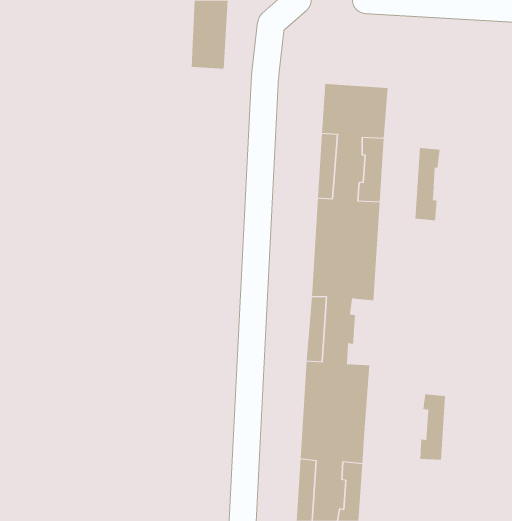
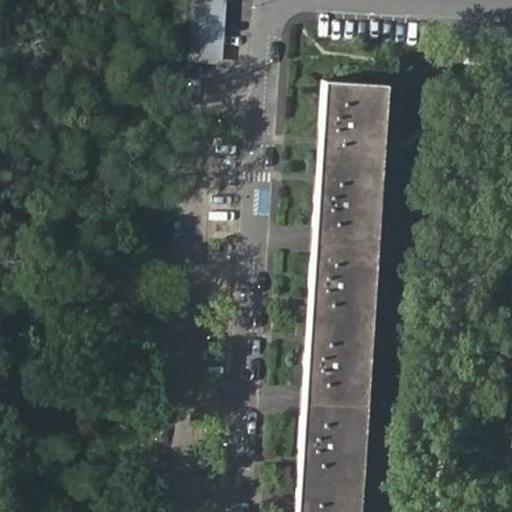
building: [415,147,440,221] -> none
building: [419,394,446,460] -> [350,293,376,358]

